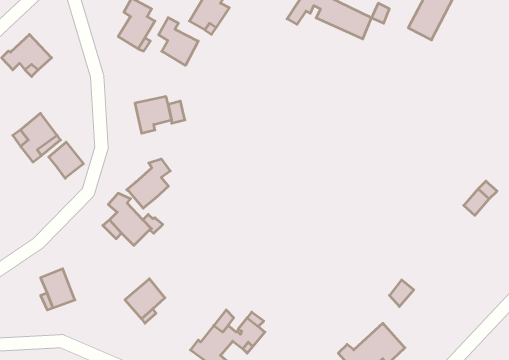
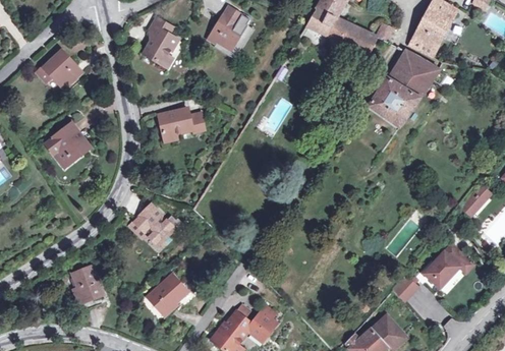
building: [159,18,198,65] -> none
building: none -> [369,50,445,126]
building: [49,142,83,178] -> none
building: [127,159,170,208] -> none
building: none -> [425,246,471,287]

